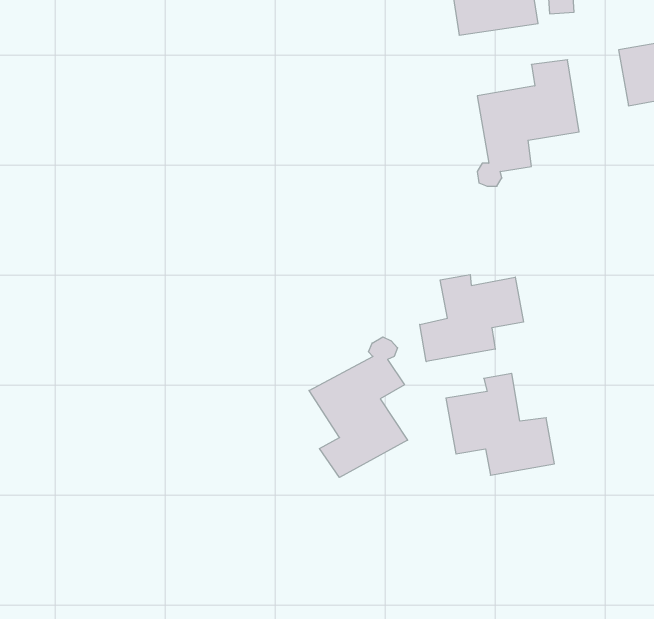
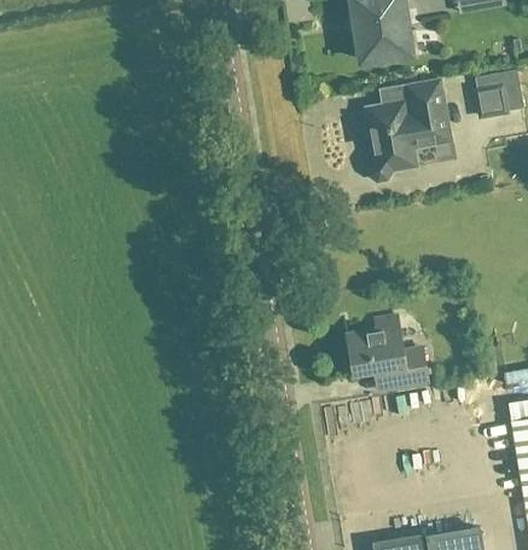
building: [420,275,523,362] -> none
building: [309,337,408,477] -> none

